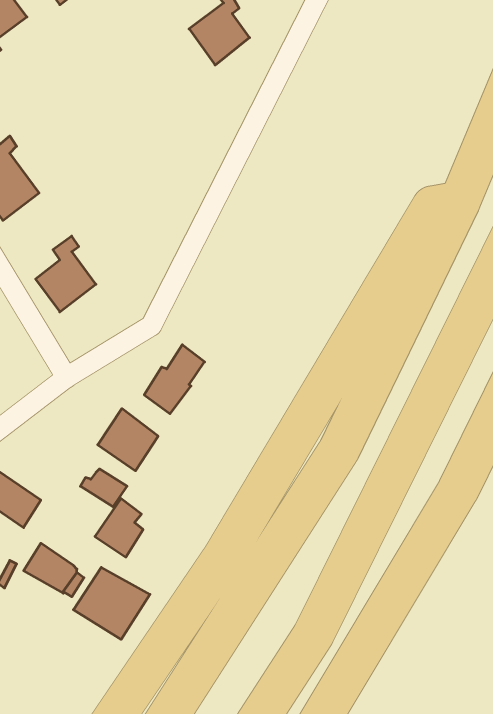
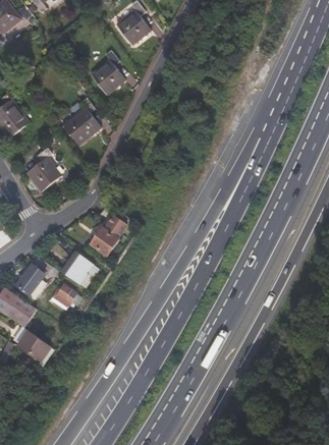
building: none -> [91,51,123,96]
building: none -> [61,100,100,147]
building: [95,498,143,557] -> [14,265,43,299]
building: [73,567,150,639] -> none

